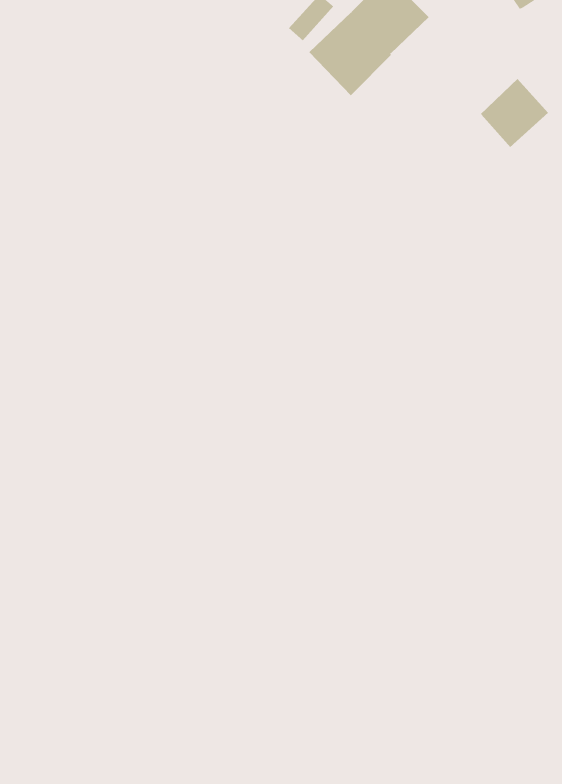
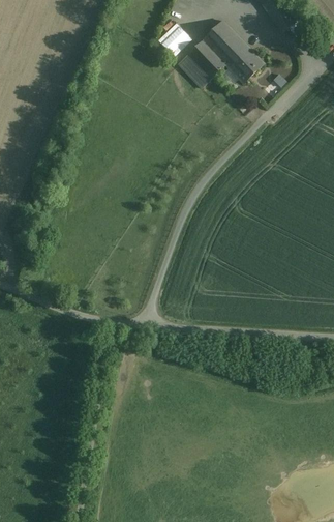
building: [479,78,549,148] -> [222,42,262,82]

